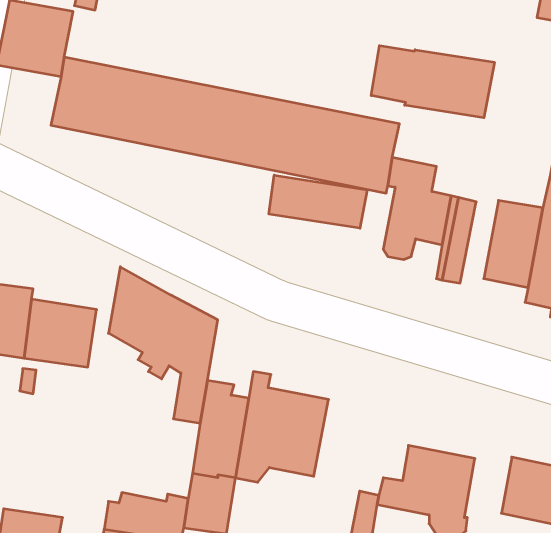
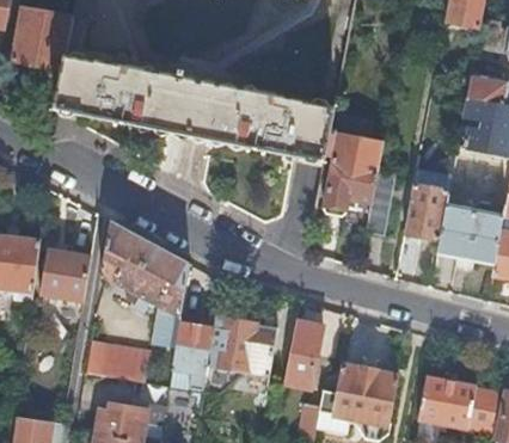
building: [371,46,494,118] -> none
building: [269,175,367,228] -> none
building: none -> [284,321,321,388]
building: none -> [87,339,152,382]

